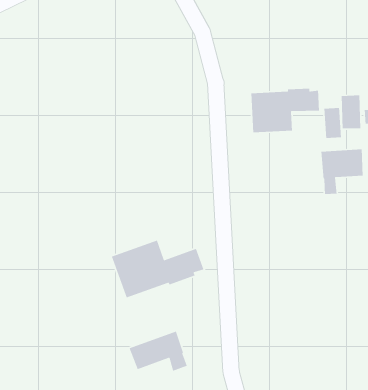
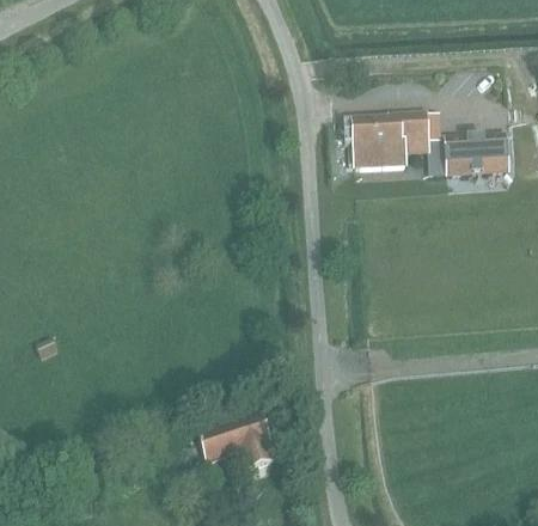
building: [320,148,364,195] -> none
building: [111,239,205,299] -> none

